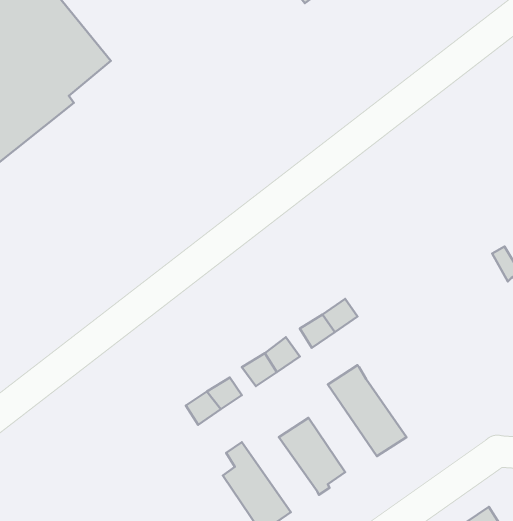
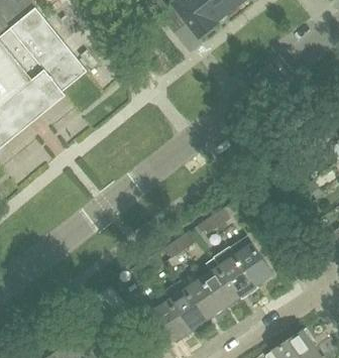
building: none -> [234,236,272,287]
building: none -> [201,257,240,310]
building: none -> [162,279,207,331]

